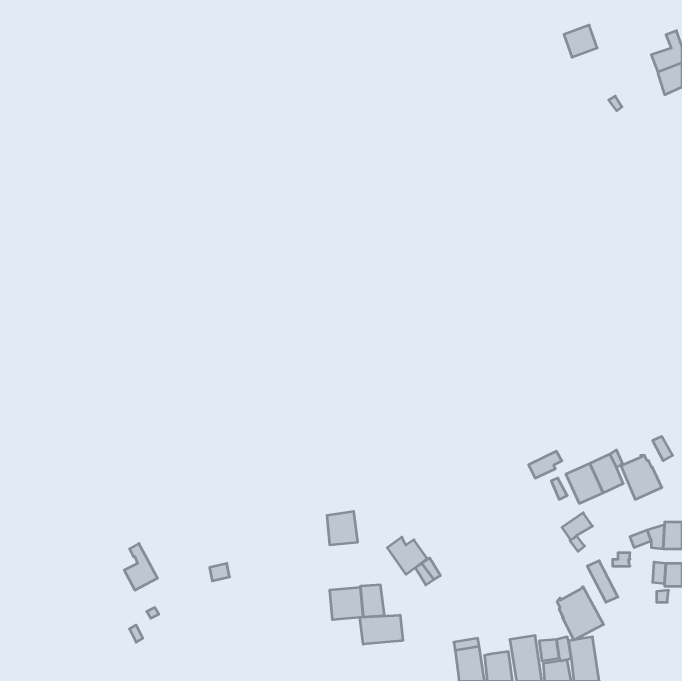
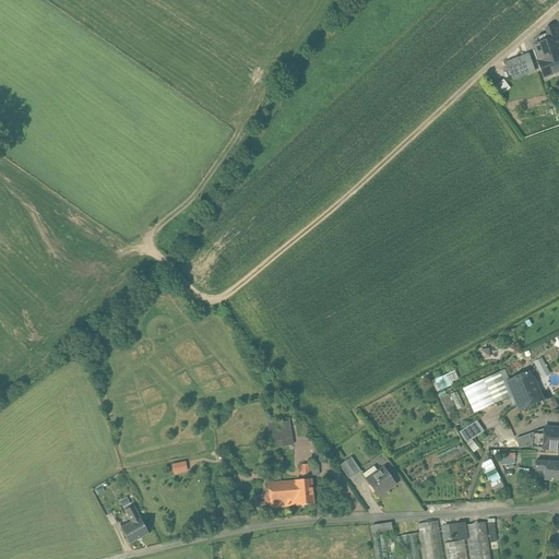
building: [564,25,597,57] -> [507,53,534,80]
building: [387,537,427,574] -> [362,465,395,496]
building: [124,543,158,590] -> [121,504,148,543]
building: [557,587,604,640] -> none
building: [360,615,403,644] -> none

